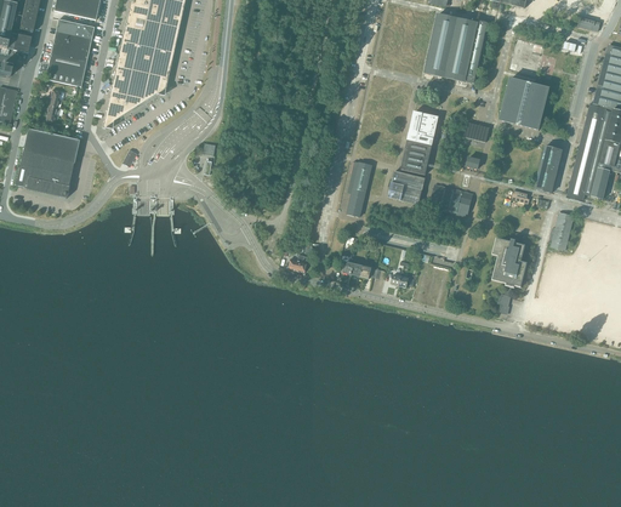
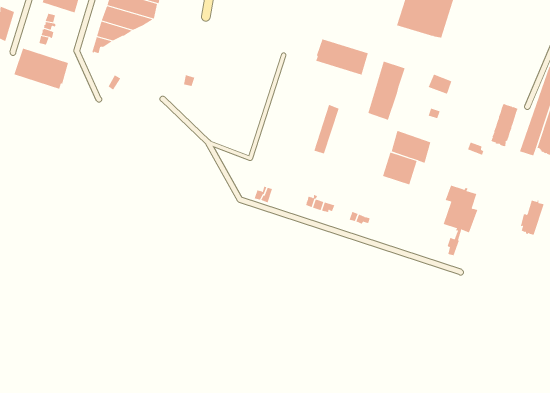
building: [500,76,549,129] -> none
building: none -> [315,38,369,75]
building: [15,156,72,196] -> none
building: [388,170,425,204] -> [382,152,418,185]
building: [549,210,574,249] -> [520,199,545,235]

